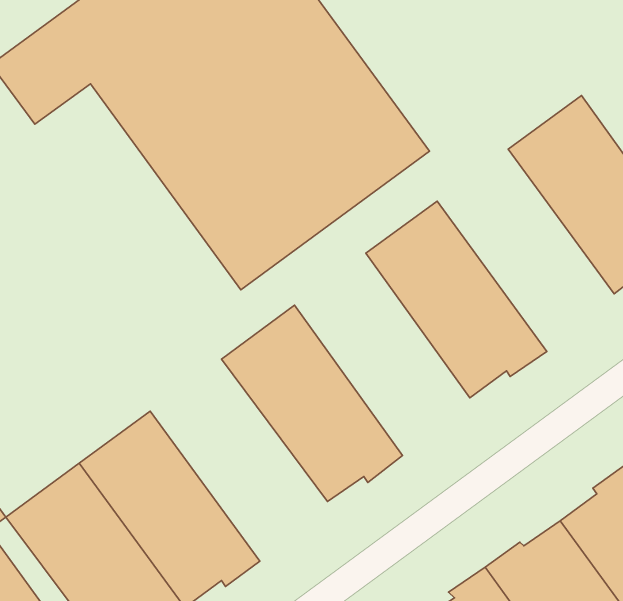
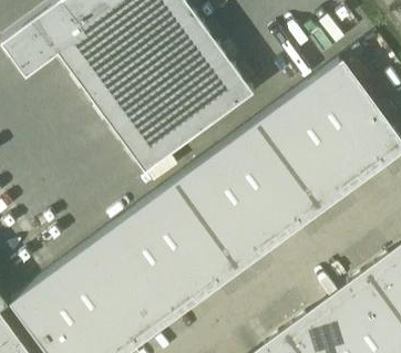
building: none -> [257,92,359,208]
building: none -> [175,152,276,268]
building: none -> [92,212,194,329]

